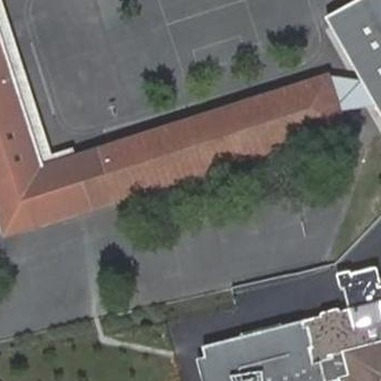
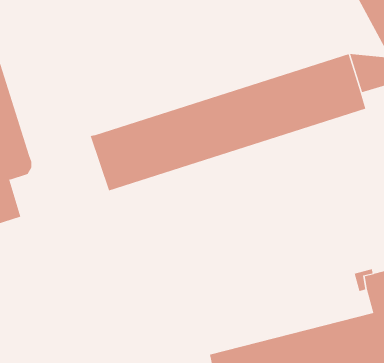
building: [25,151,113,223] -> none

